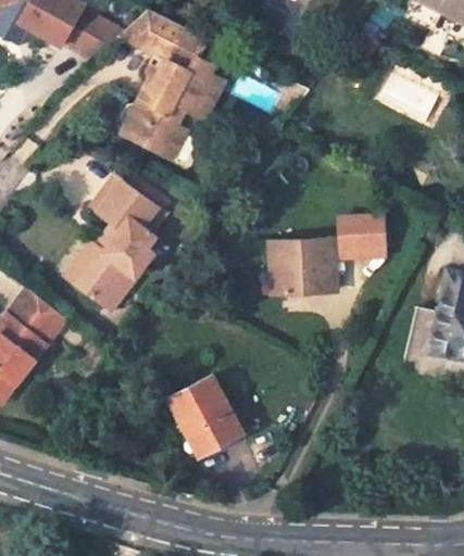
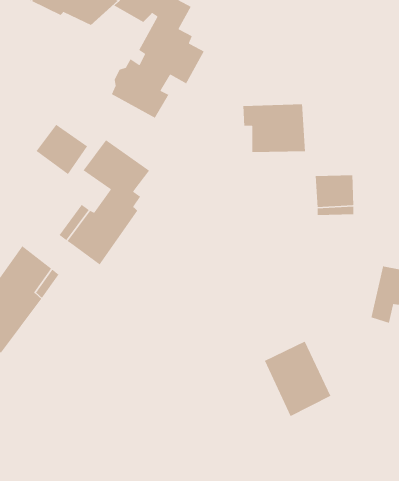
building: none -> [36,124,88,175]
building: [268,240,337,293] -> [242,103,306,153]
building: [165,376,238,458] -> [264,340,332,417]

